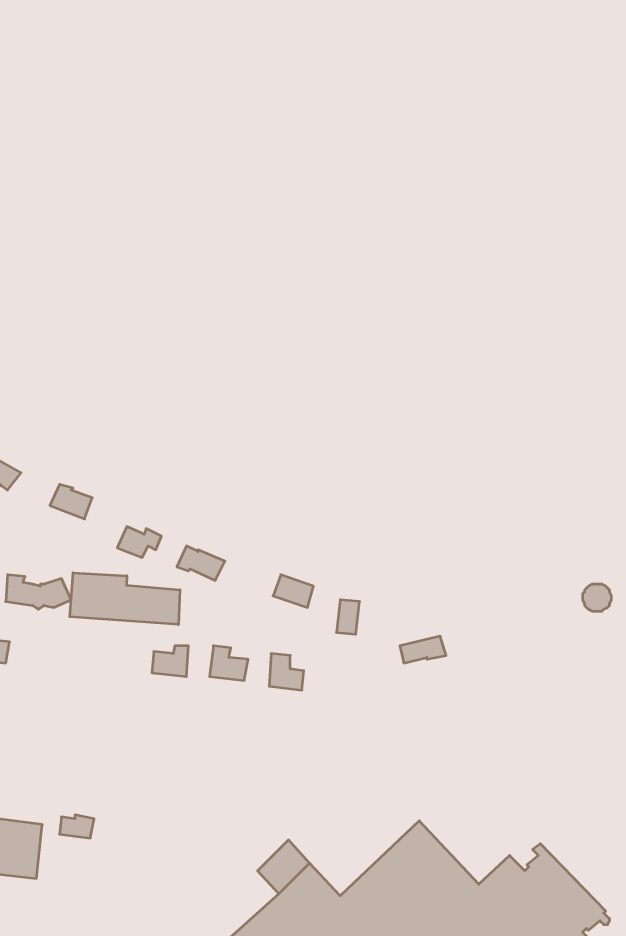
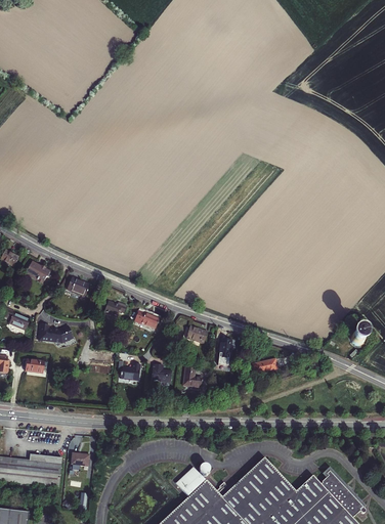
building: [70,573,180,625] -> none

